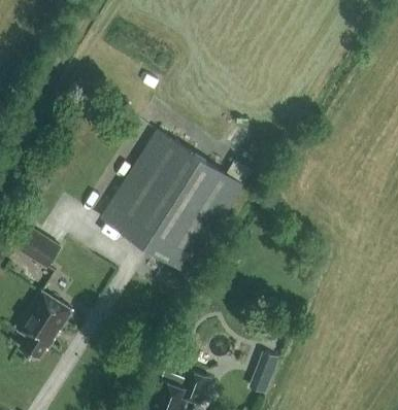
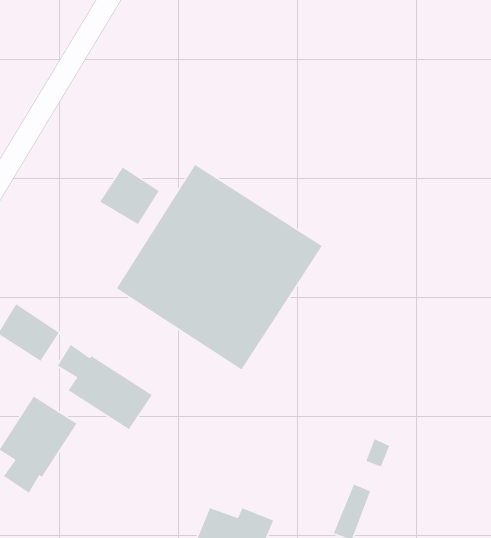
building: none -> [99,167,160,225]
building: none -> [57,344,153,430]

